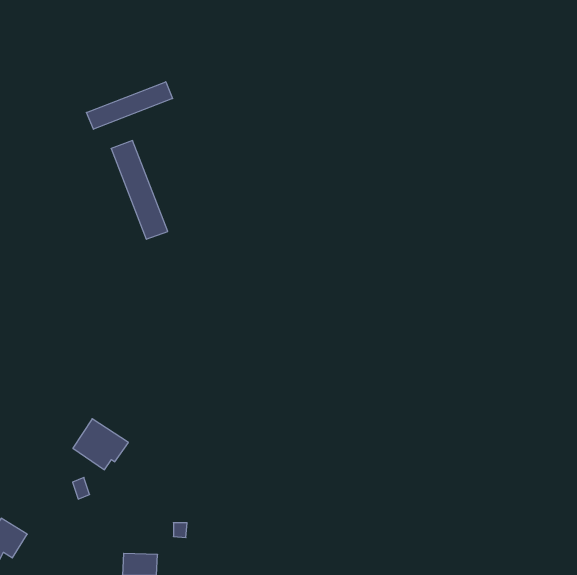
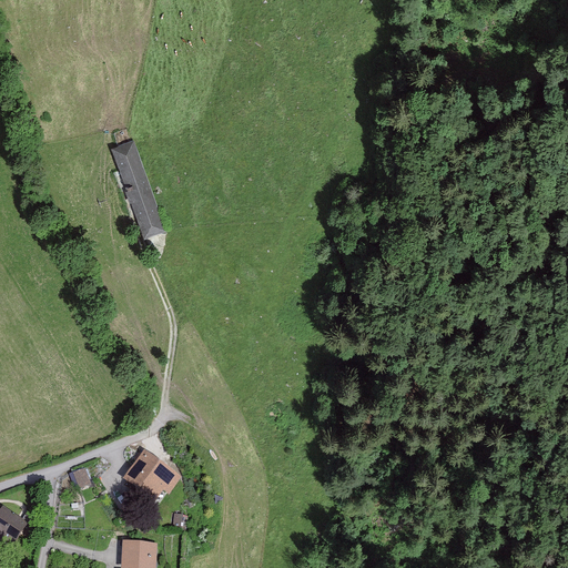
building: [86,82,173,129] -> none
building: [73,419,128,470] -> [124,450,179,500]

